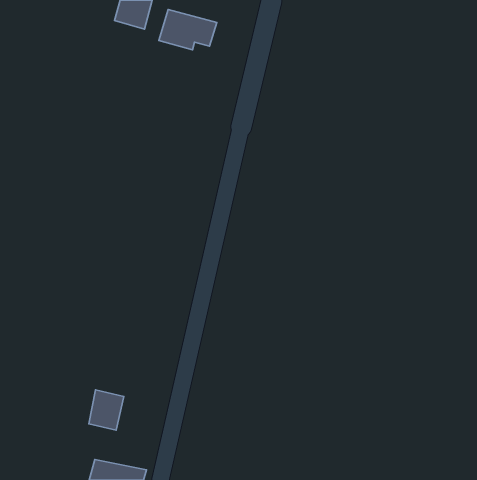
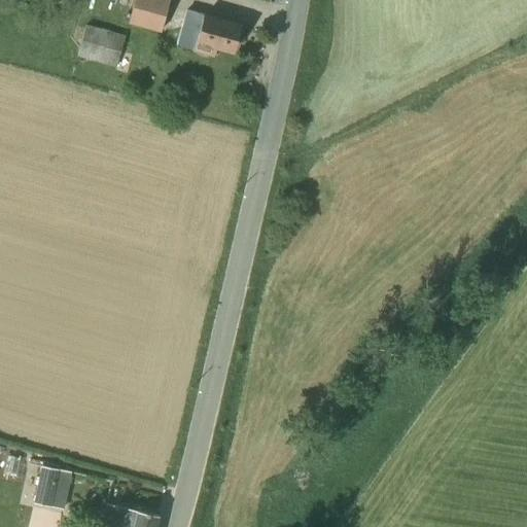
building: none -> [79,25,127,67]
building: [89,390,124,430] -> [35,464,73,508]

